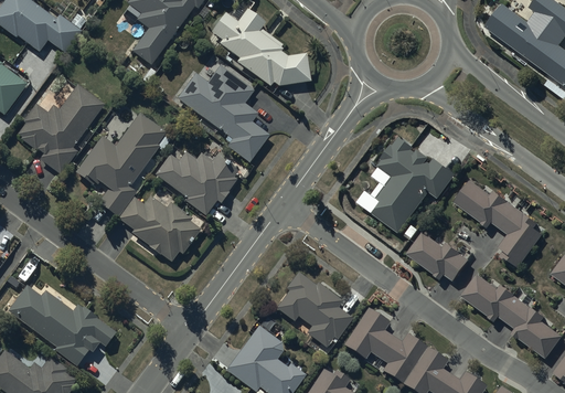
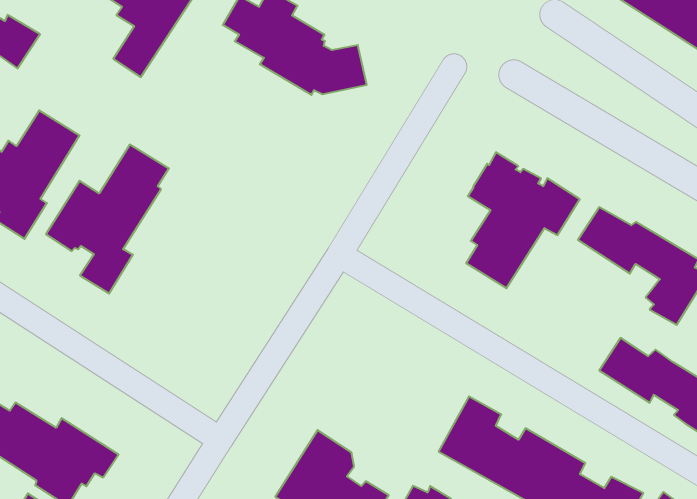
building: [177,65,269,162] -> none
building: [154,151,239,215] -> none
building: [118,194,201,262] -> none
building: [408,233,469,280] -> none
building: [275,272,353,348] -> none

